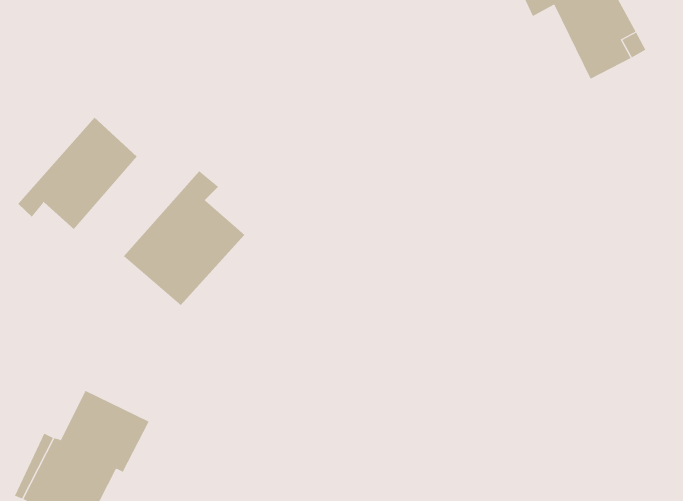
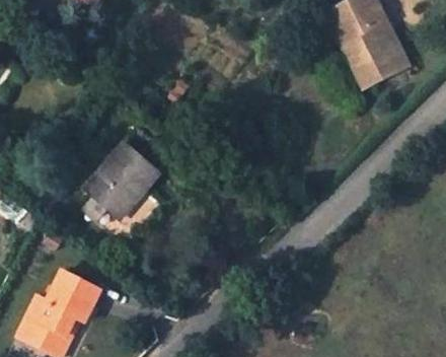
building: [18,117,137,230] -> none

